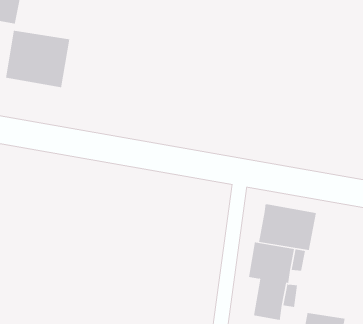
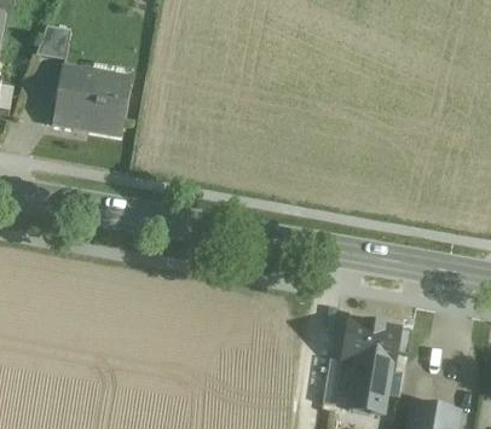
building: [258,204,317,251] -> none
building: none -> [323,358,356,406]

